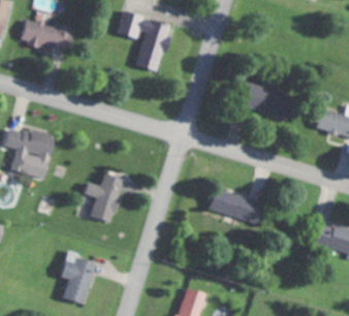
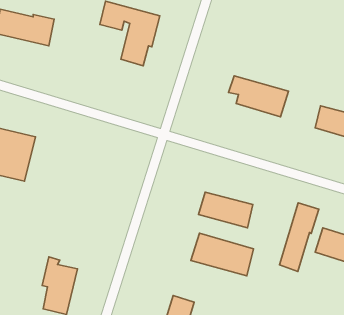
building: [86,175,123,222] -> none
building: none -> [279,203,319,271]
building: none -> [191,233,254,276]

